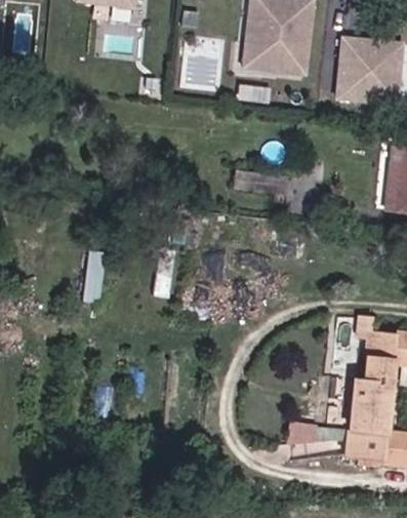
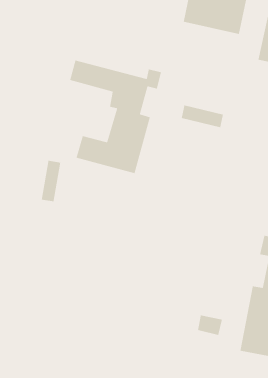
building: none -> [69,60,162,174]

